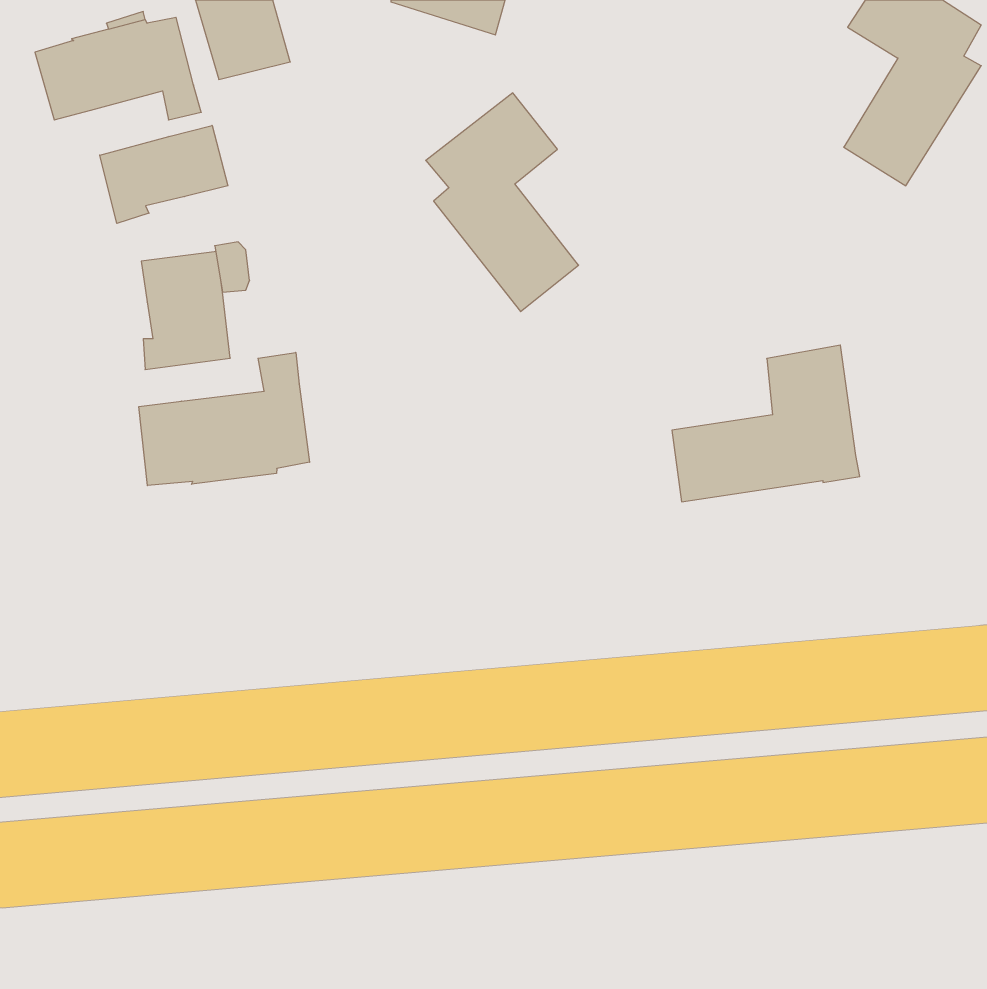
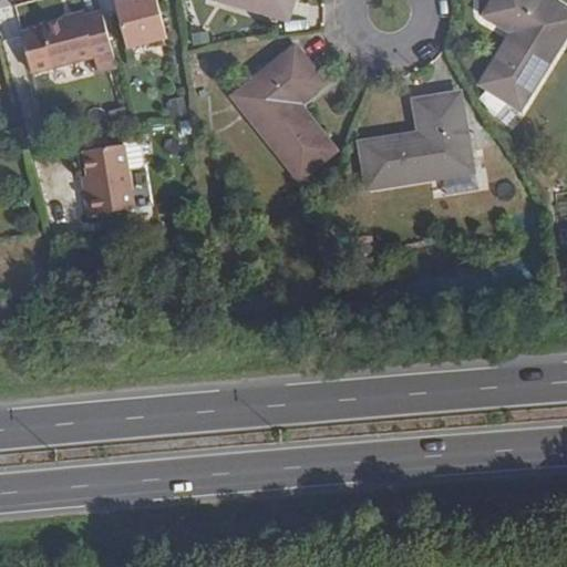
building: [100,125,228,223] -> none
building: [672,345,860,502] -> [362,99,470,188]
building: [139,352,310,486] -> none

